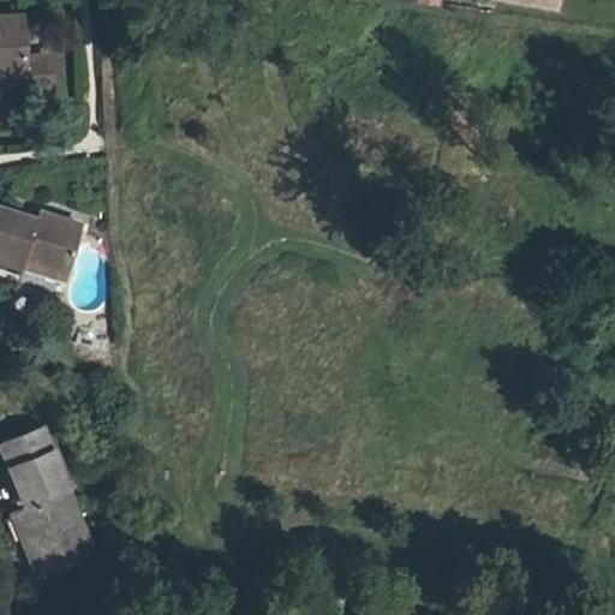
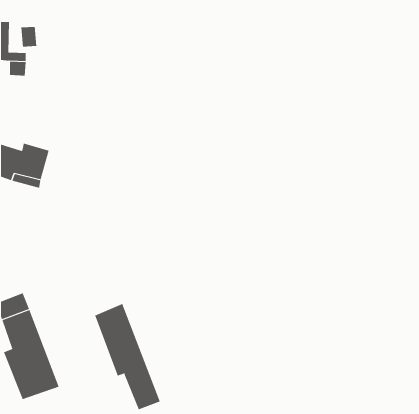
building: none -> [94,303,160,410]

